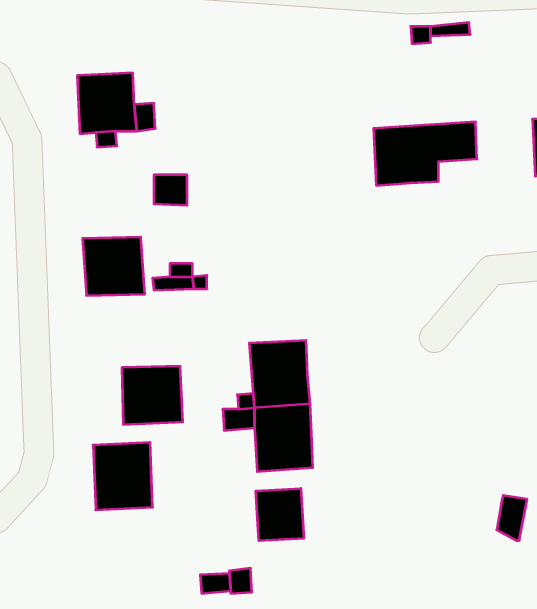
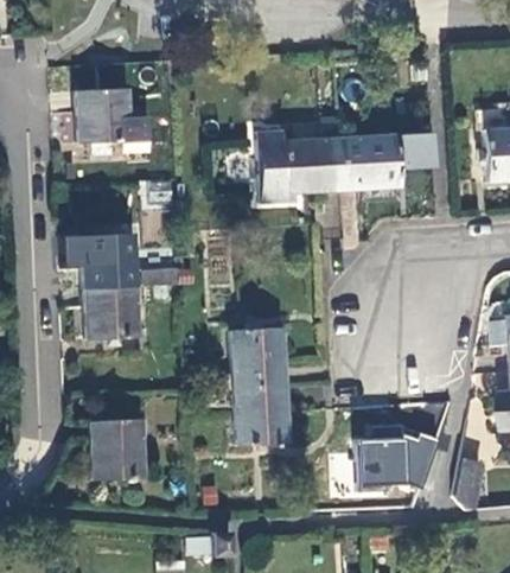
building: none -> [257,128,344,200]
building: [122,366,183,424] -> [84,285,139,337]
building: none -> [363,425,441,486]
building: [256,488,304,541] -> none

